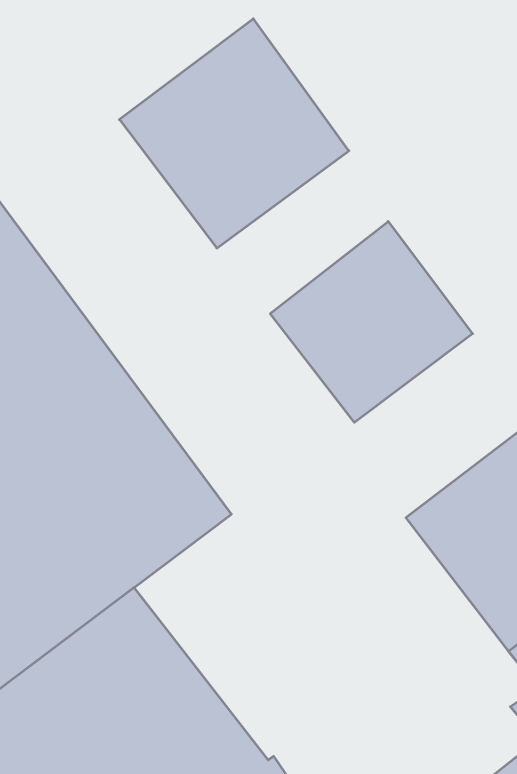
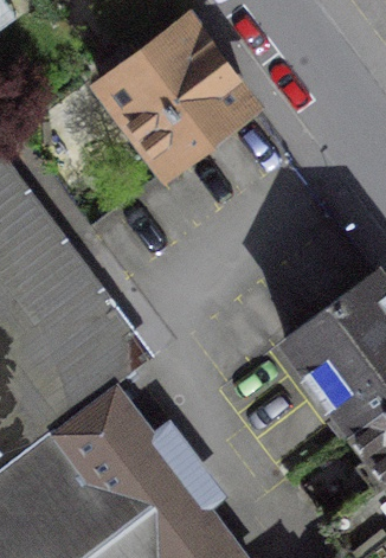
building: [270,221,473,422] -> none

